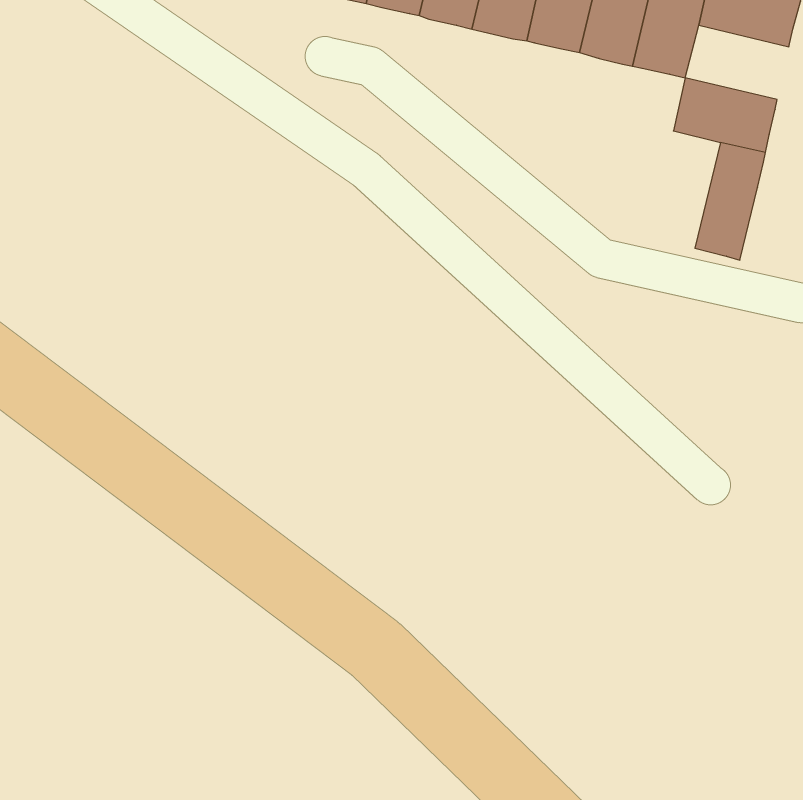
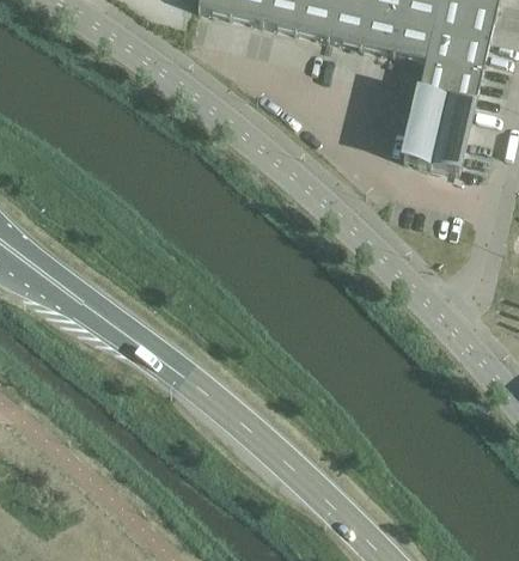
building: none -> [423,29,487,74]
building: none -> [401,93,445,165]

